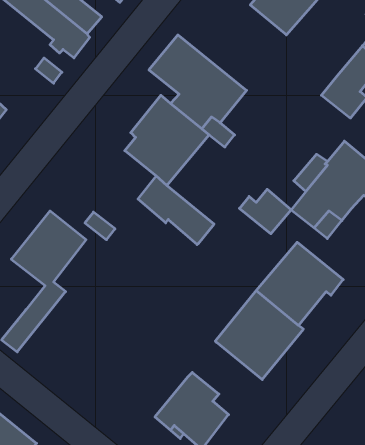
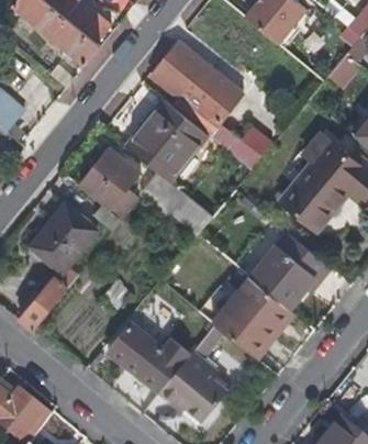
building: none -> [81,147,142,209]
building: [239,189,291,234] -> [222,127,269,168]
building: none -> [110,324,188,391]

